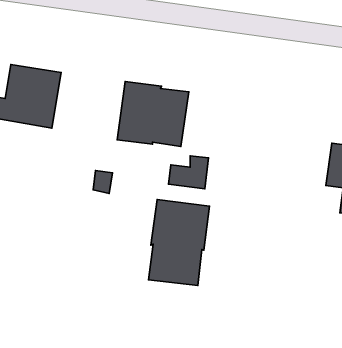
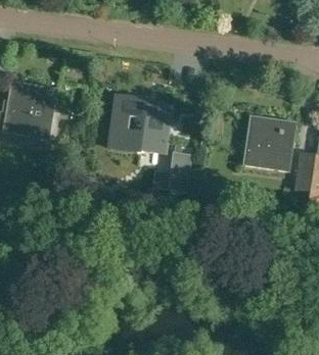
building: none -> [242,114,295,170]
building: [148,199,210,285] -> none

